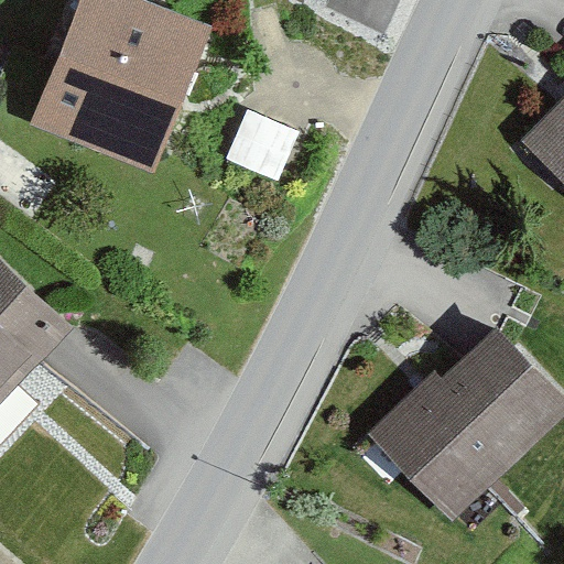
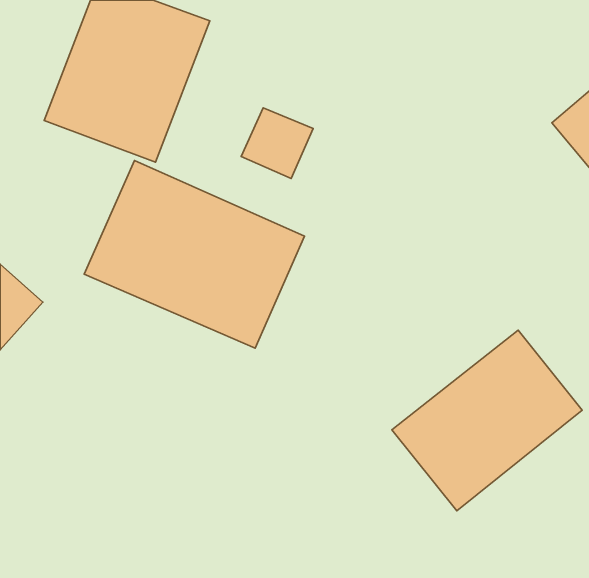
building: none -> [84,161,304,348]

